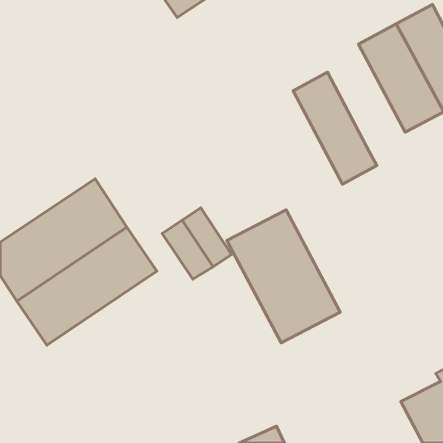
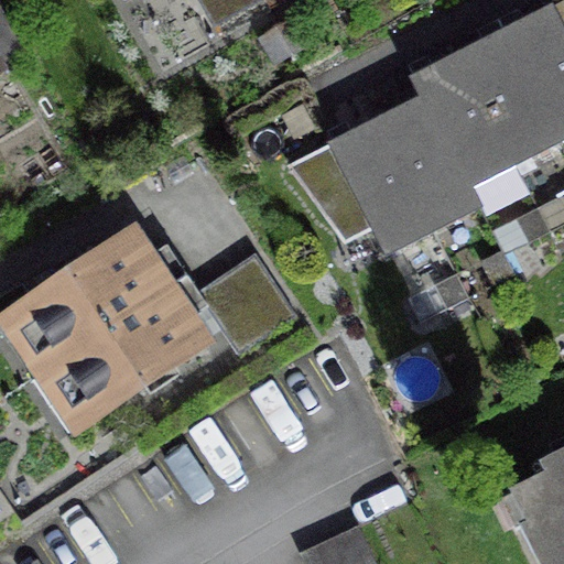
building: none -> [412,55,516,189]
building: none -> [325,113,437,257]
building: [227,210,340,343] -> none

